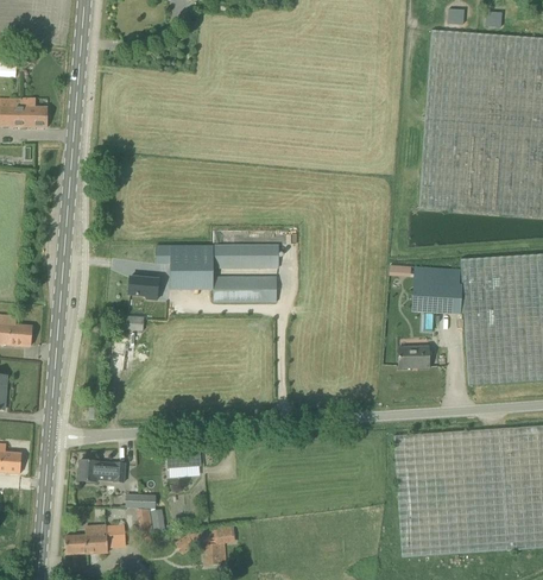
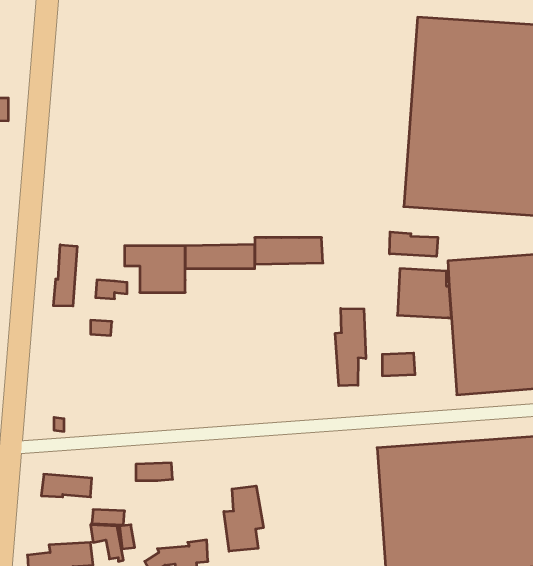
building: none -> [390,232,438,256]
building: none -> [53,245,77,306]
building: [214,277,278,302] -> [255,238,323,264]
building: none -> [335,308,366,386]
building: none -> [224,486,263,551]

